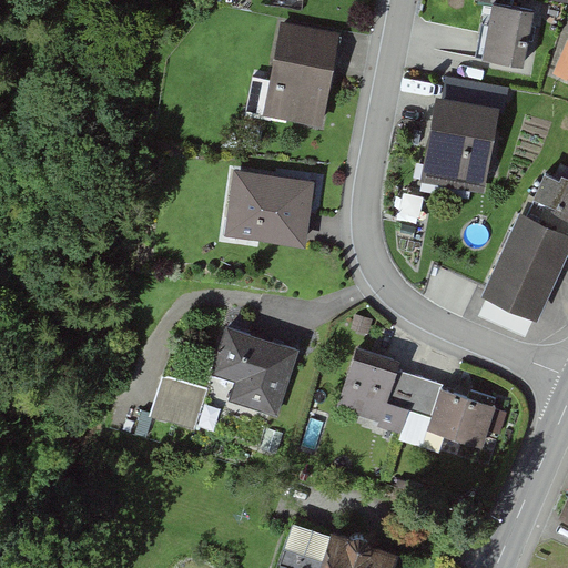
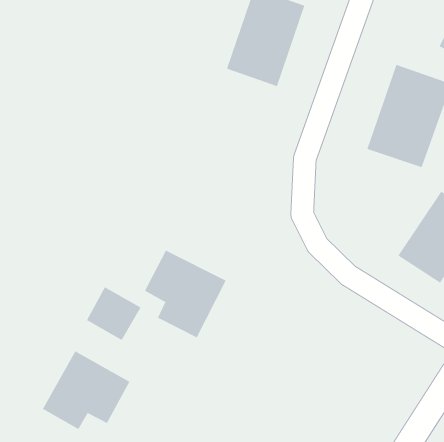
building: [222,170,313,248] -> none
building: [334,357,495,447] -> none
building: none -> [42,351,130,430]

